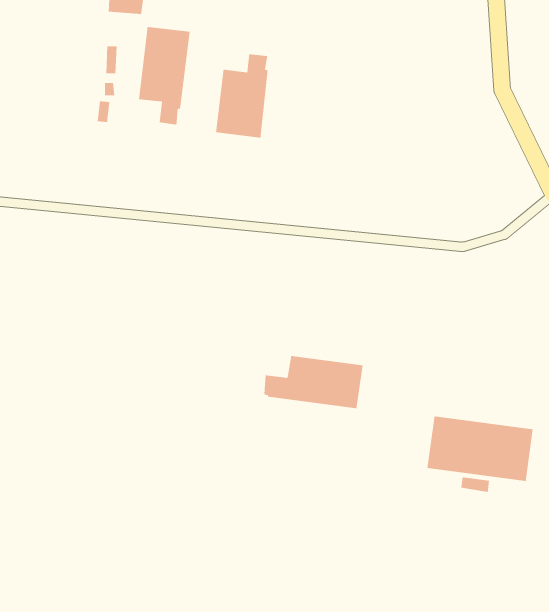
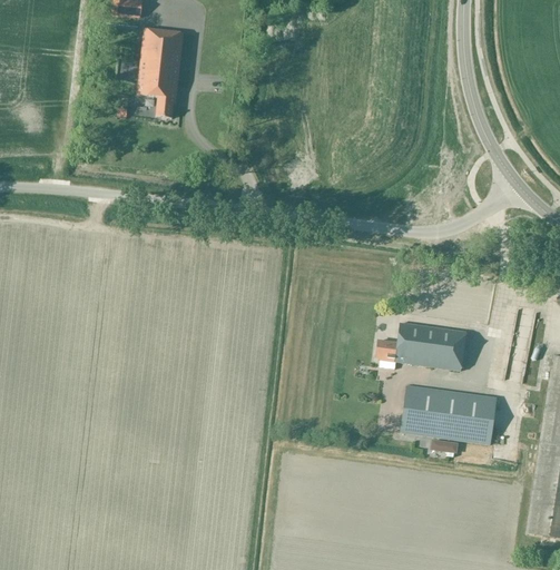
building: [216,54,268,138] -> none
building: [264,355,363,409] -> [377,322,469,371]

